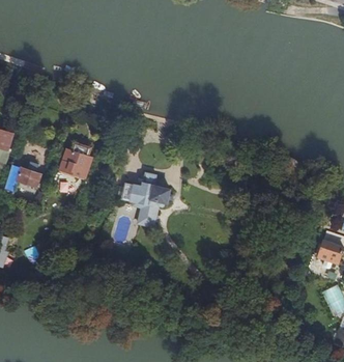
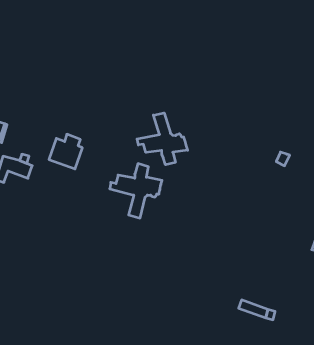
building: none -> [137,113,188,165]

